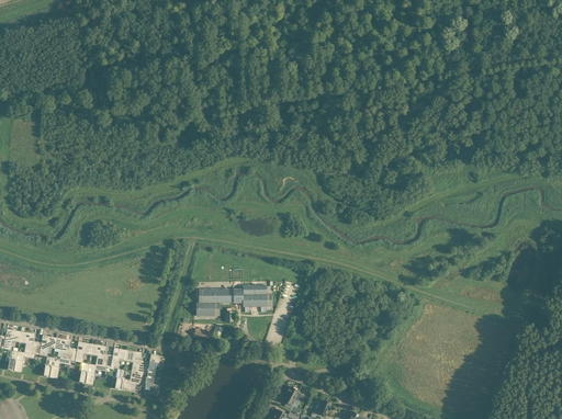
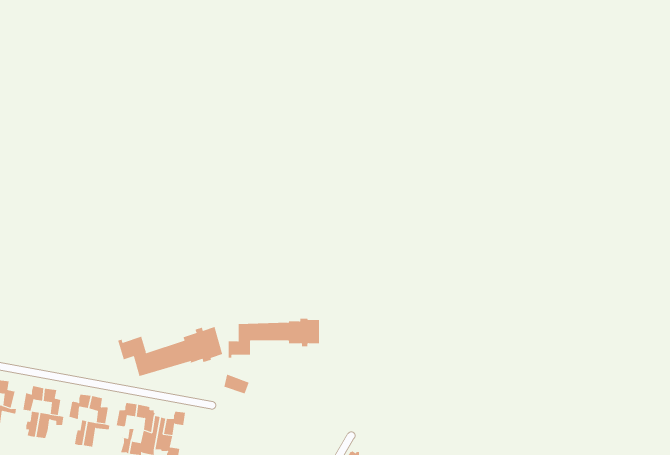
building: none -> [118,326,223,377]

